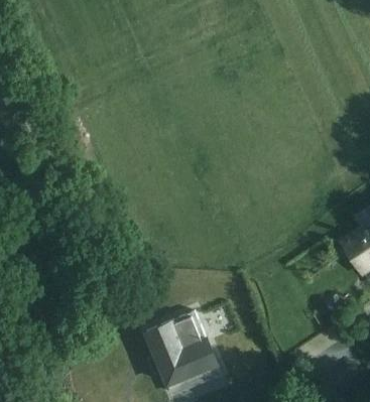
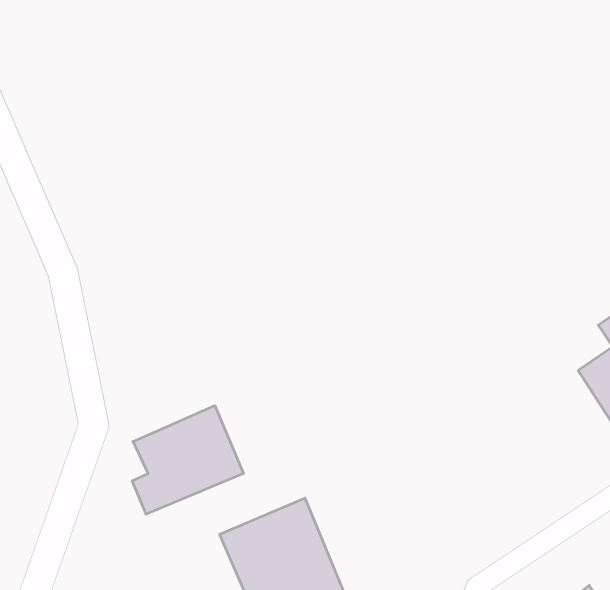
building: none -> [132,406,244,514]

